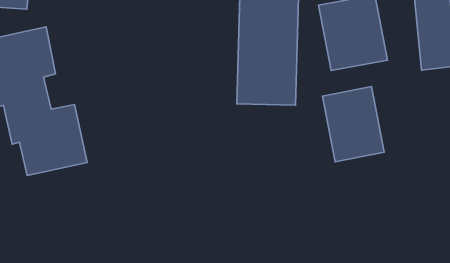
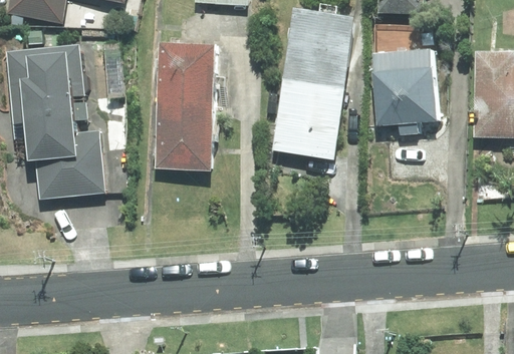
building: none -> [155,44,217,170]
building: [322,87,384,162] -> none

